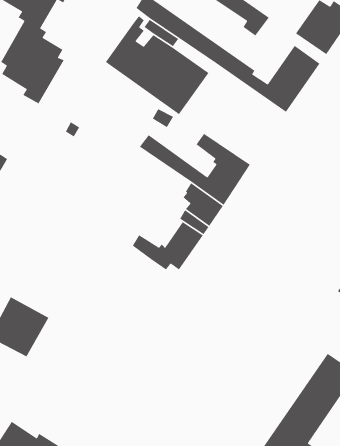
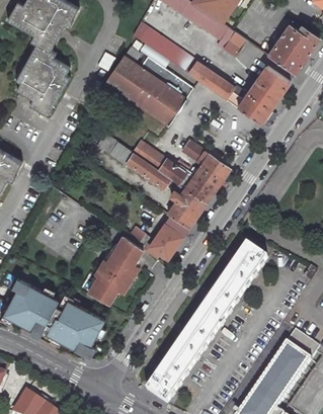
building: none -> [98,133,171,187]
building: none -> [88,234,144,305]
building: none -> [145,243,267,403]
building: none -> [37,299,106,356]

